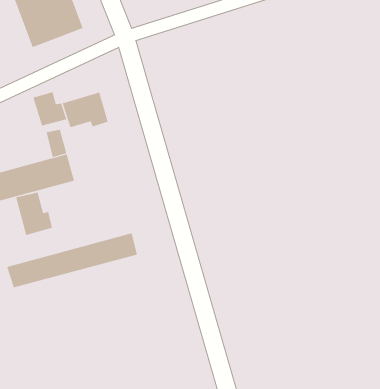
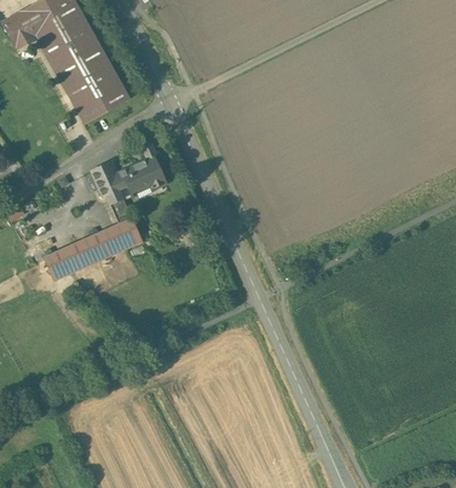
building: [15,192,52,236] -> none
building: [7,233,137,288] -> none

